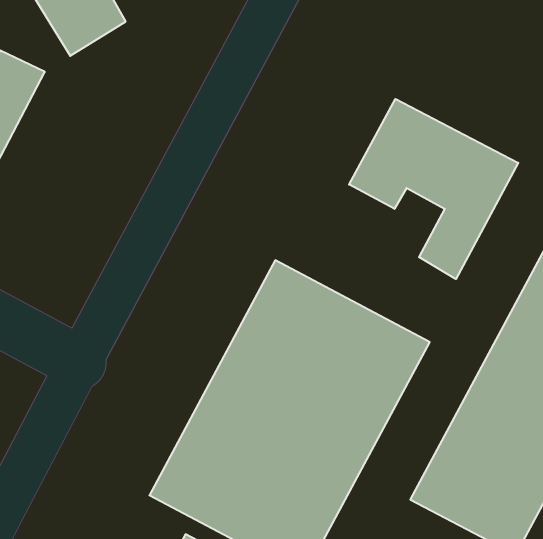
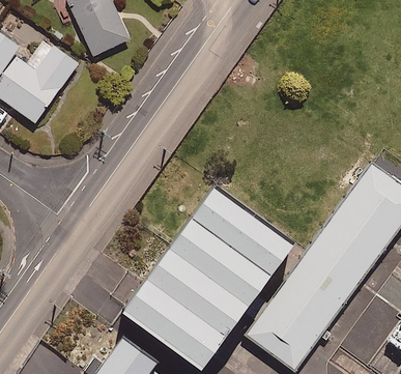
building: [349,99,518,279] -> none

